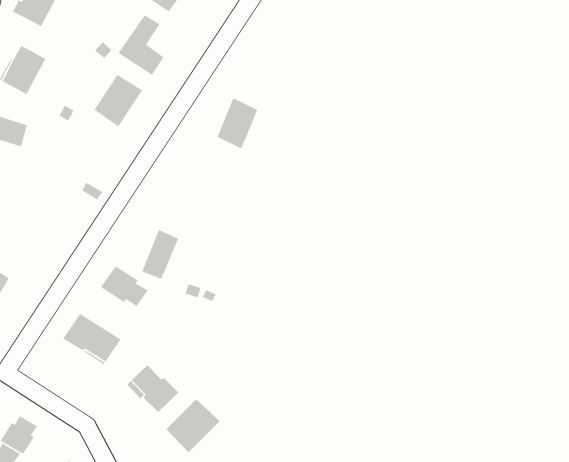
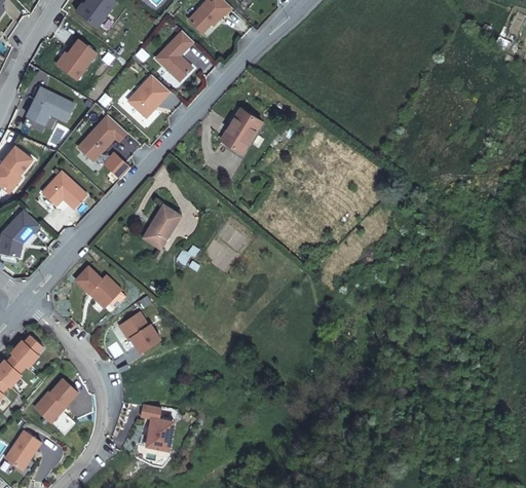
building: none -> [78,115,127,161]
building: none -> [42,171,87,209]
building: [100,266,149,307] -> none
building: [165,399,220,453] -> none

